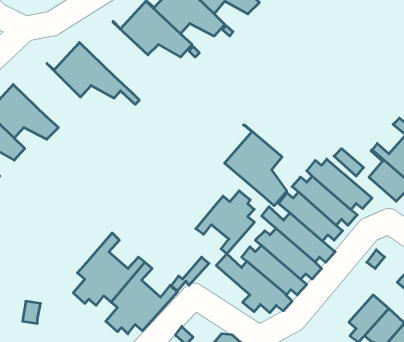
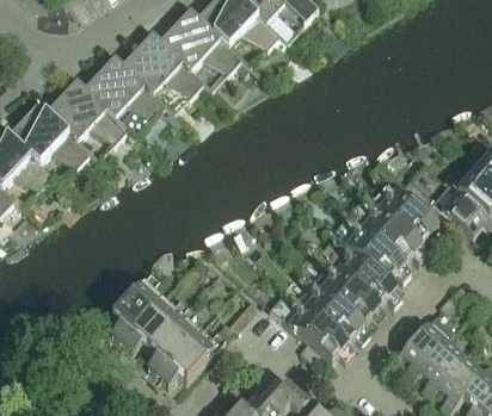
building: none -> [113,33,203,95]
building: none -> [38,80,128,143]
building: [225,125,287,206] -> none
building: [196,191,254,254] -> none
building: none -> [400,324,447,380]

